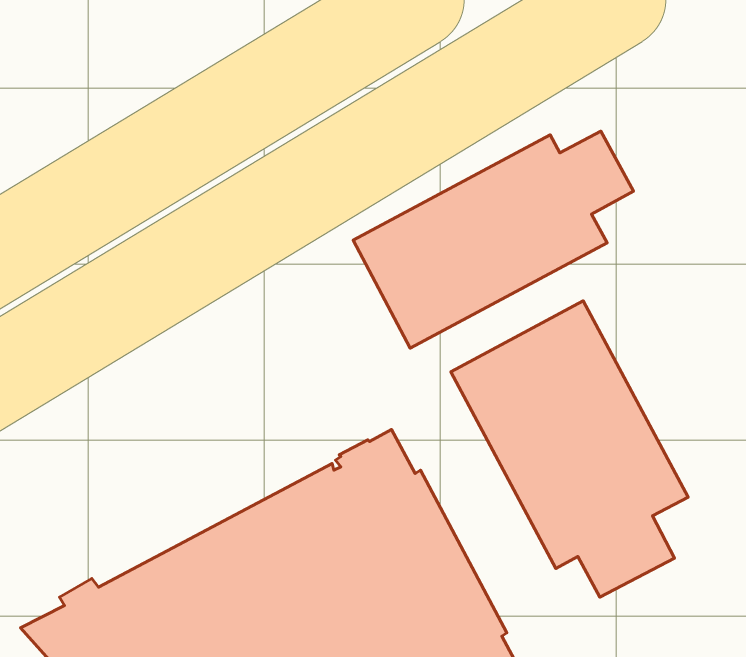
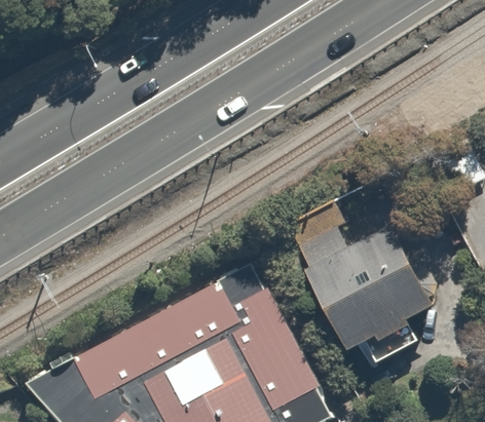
building: [353,131,634,348] -> none

